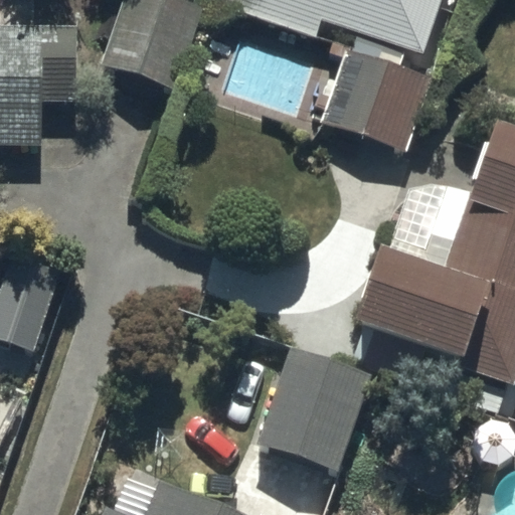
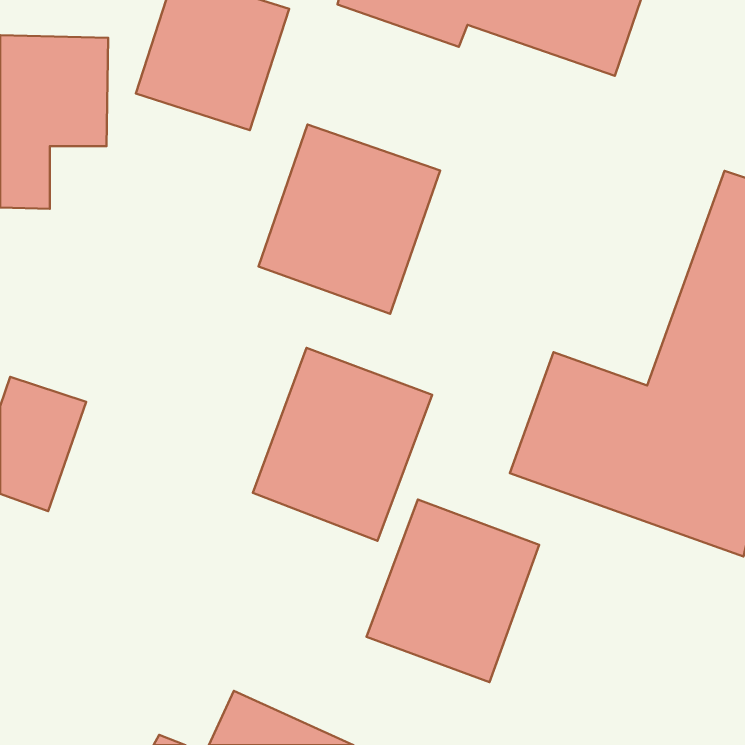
building: [318,35,425,152] -> none
building: none -> [259,125,440,314]
building: none -> [253,348,432,541]

